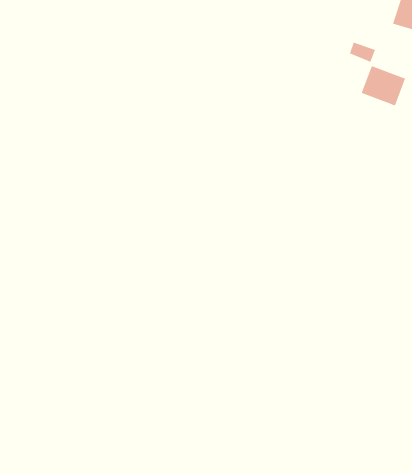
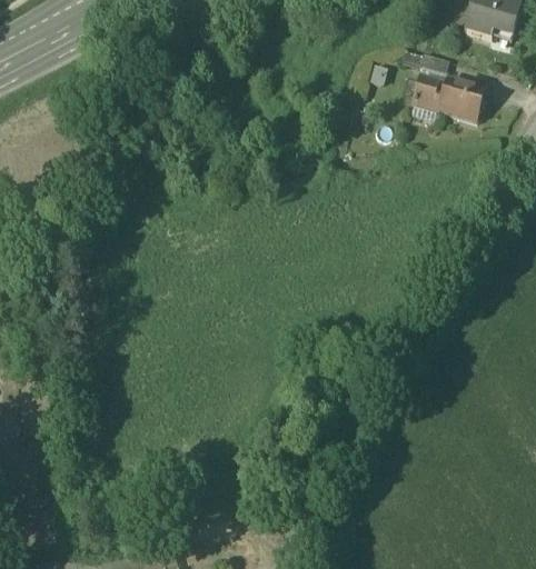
building: none -> [411,74,444,108]

